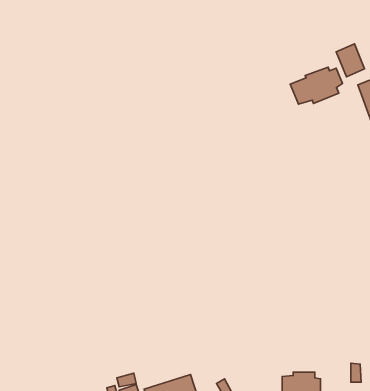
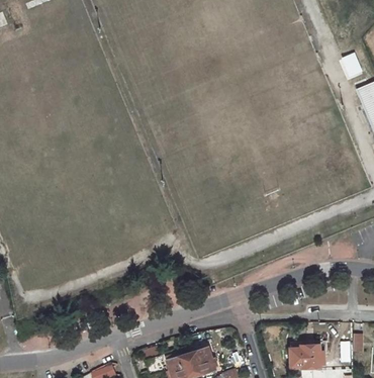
building: [290,67,343,104] -> none

